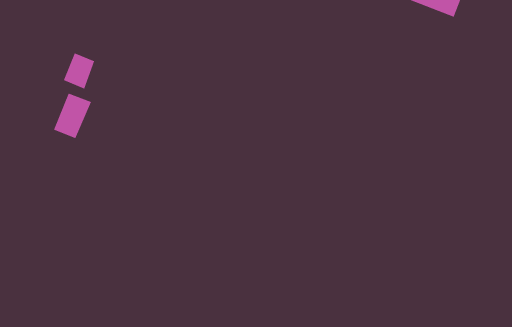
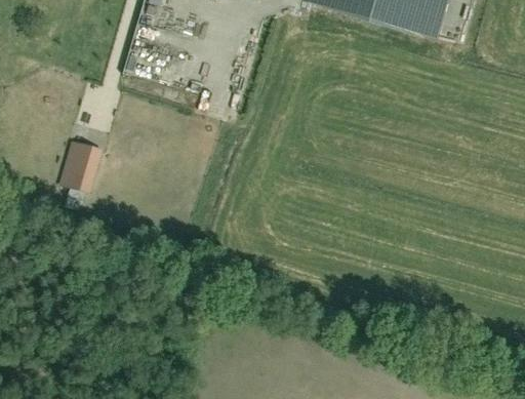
building: [63,53,95,89] -> none

